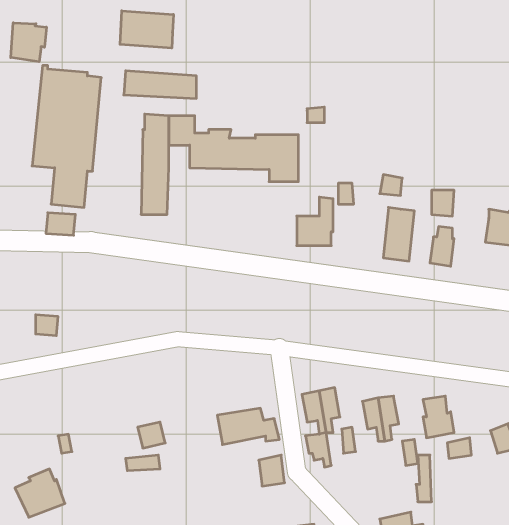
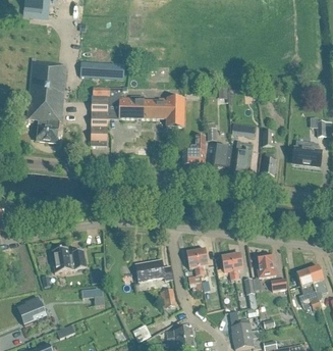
building: [120,11,173,48] -> none
building: [11,23,46,62] -> none
building: none -> [210,146,231,171]
building: none -> [51,248,87,272]

